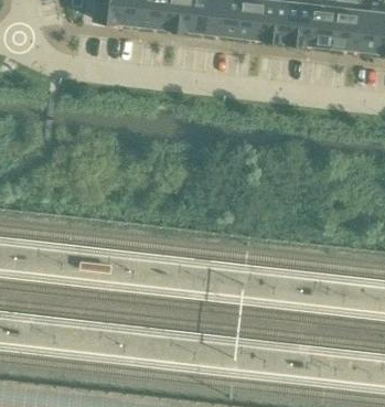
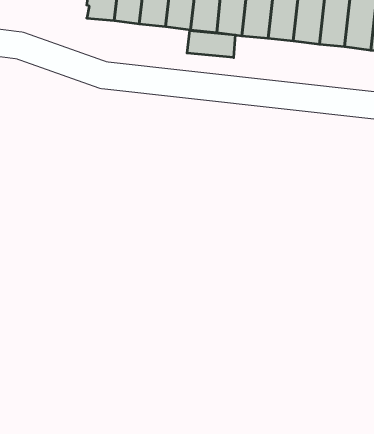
building: none -> [187,31,235,58]

